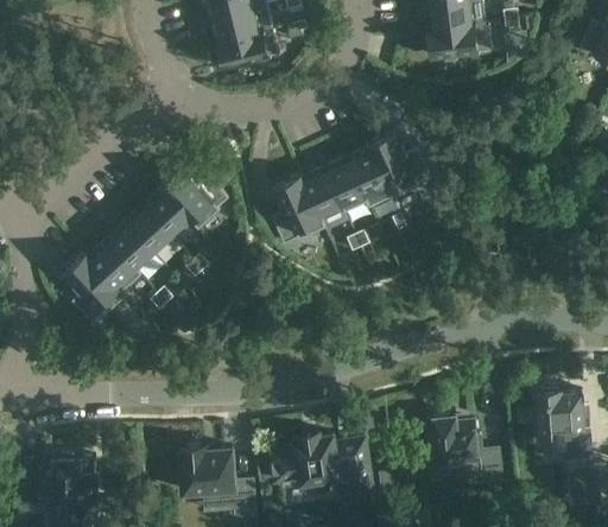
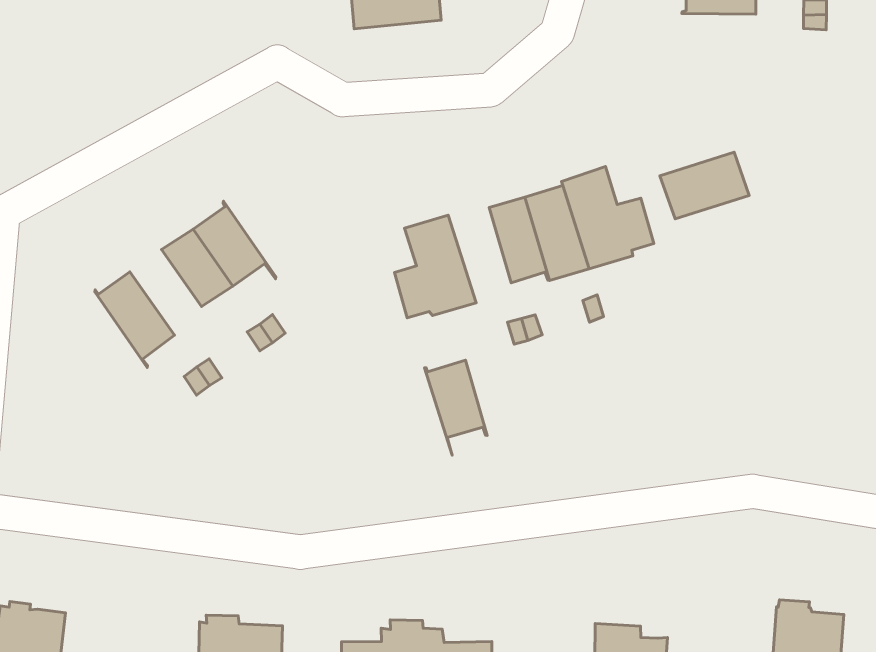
building: [429,24,479,57] -> none
building: none -> [660,152,749,219]
building: [159,167,228,229] -> none
building: [300,167,346,228] -> [424,360,487,455]
building: [107,222,154,274] -> none
building: [65,254,126,324] -> none

